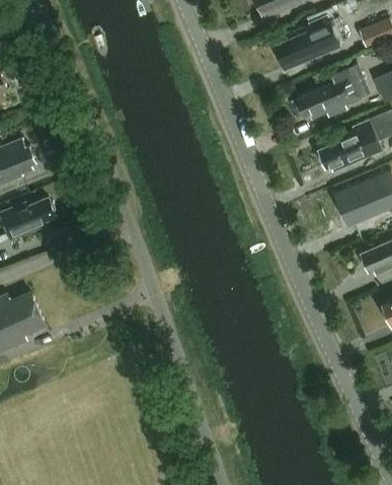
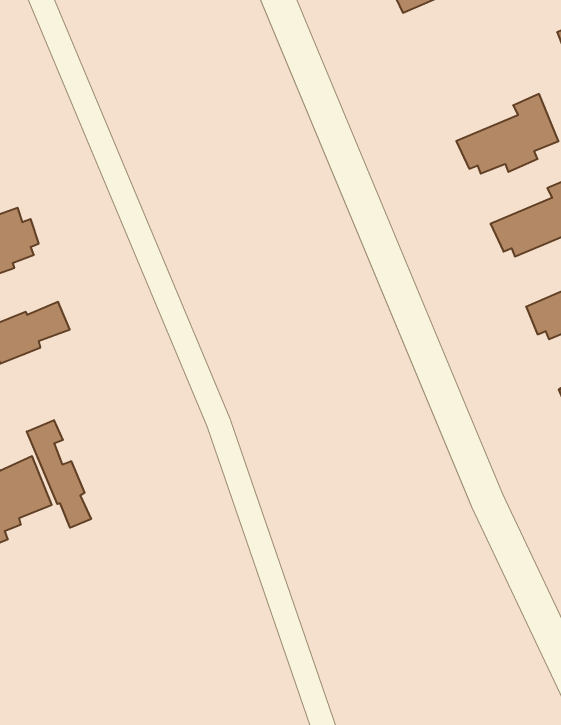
building: [273,16,339,70] -> none
building: none -> [27,420,91,528]

